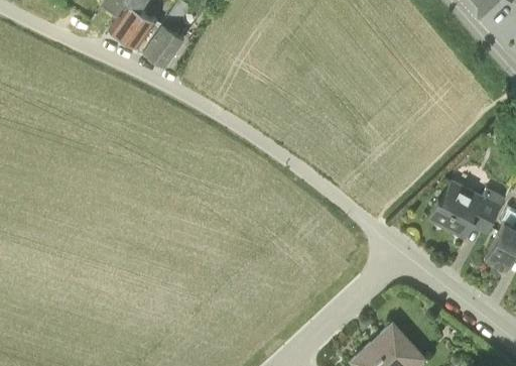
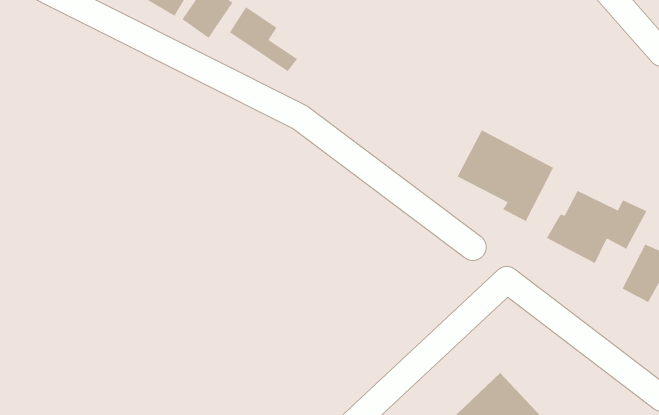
building: none -> [229,6,298,72]
building: none -> [457,129,554,222]

